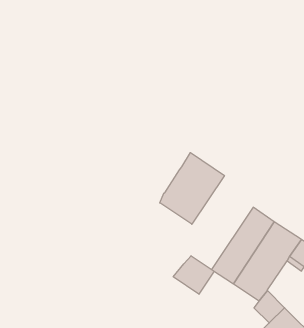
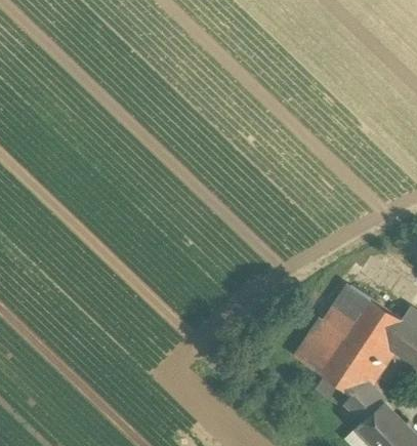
building: [160,153,224,224] -> none
building: [173,256,214,294] -> none

